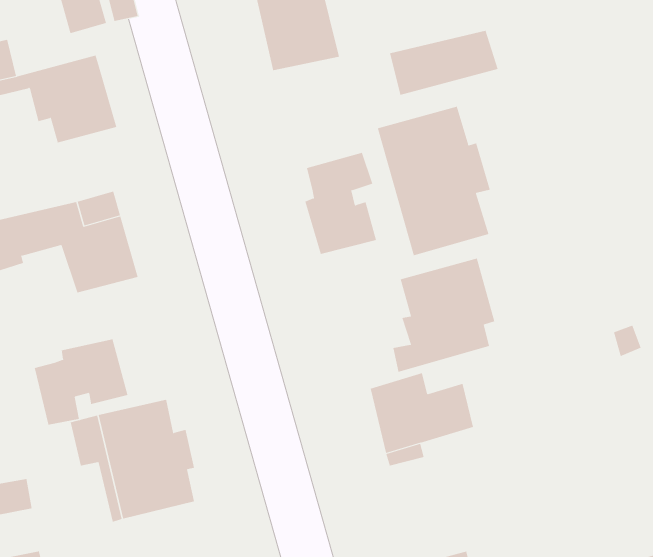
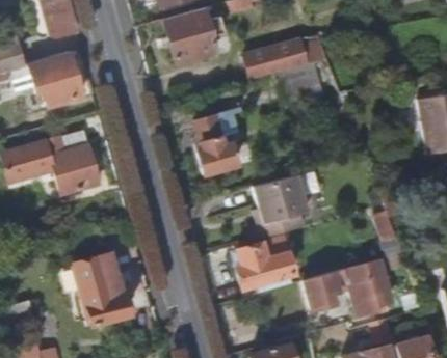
building: [377,106,490,256] -> none
building: [34,338,128,425] -> none
building: none -> [305,257,396,318]

